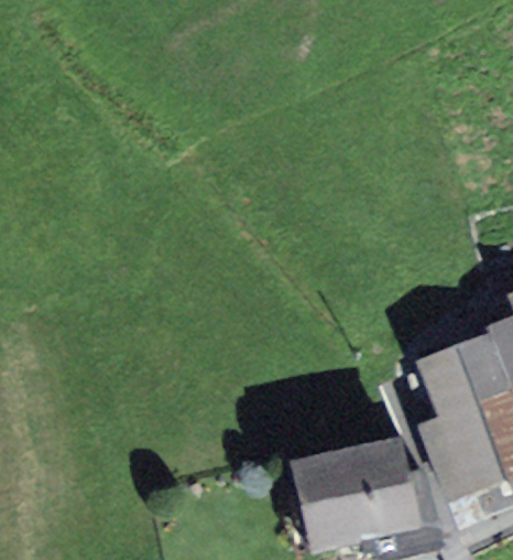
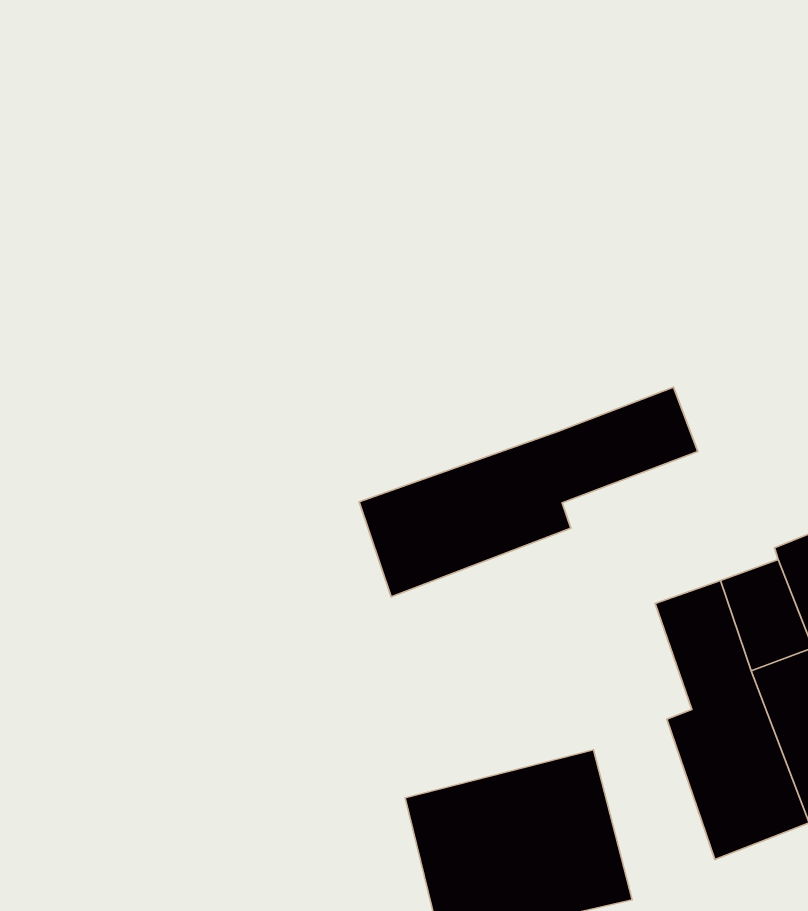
building: none -> [359,387,698,597]

